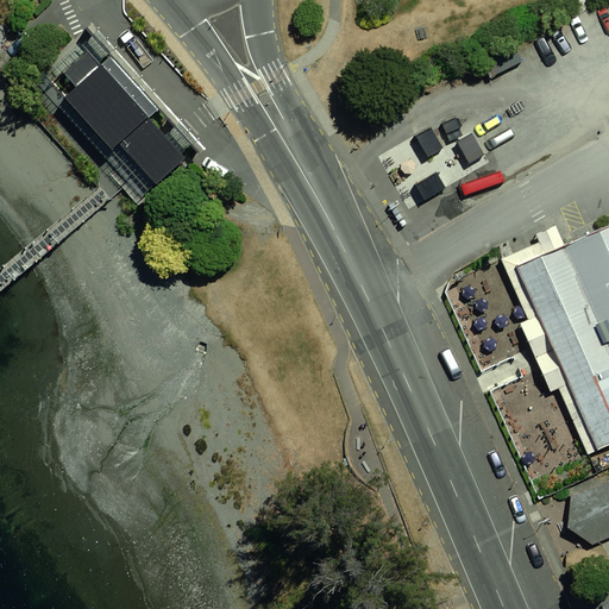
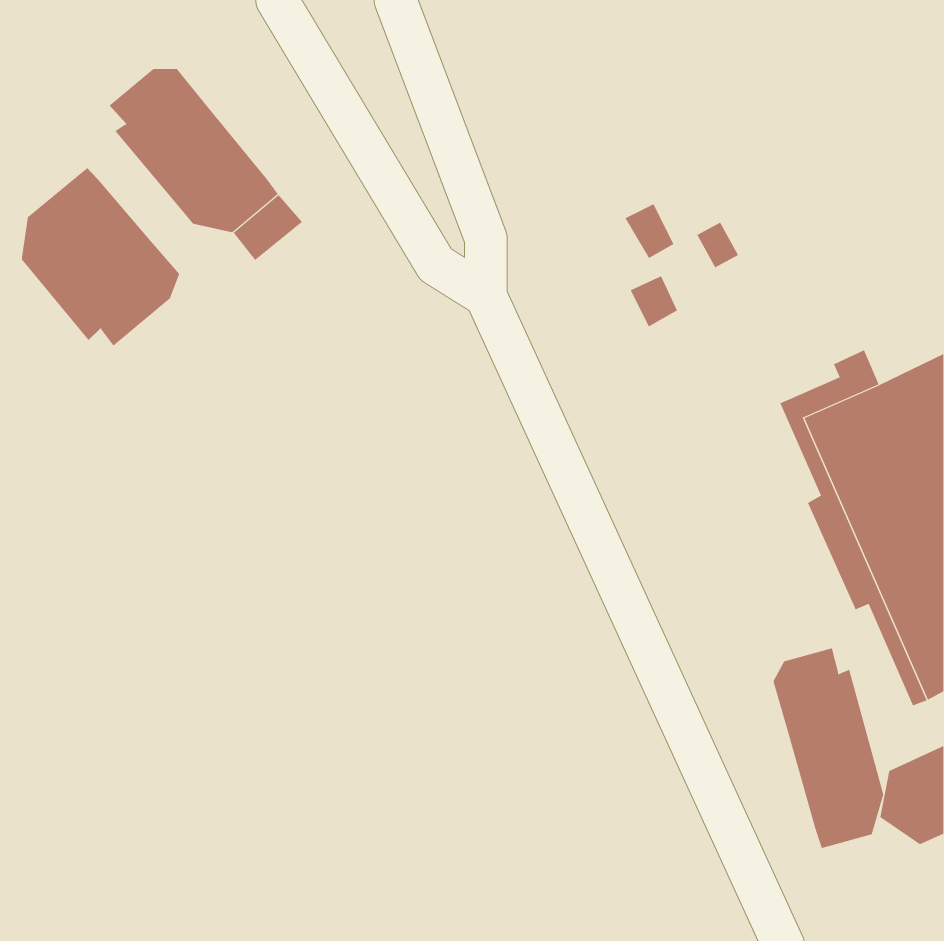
building: none -> [21,167,180,347]
building: none -> [773,647,884,849]

